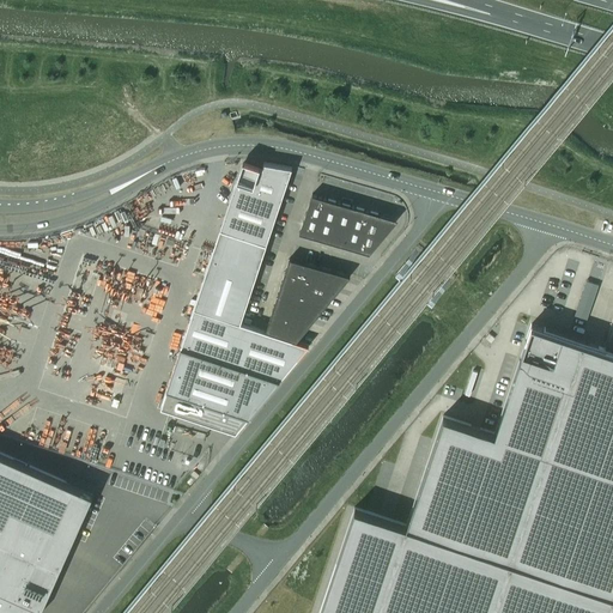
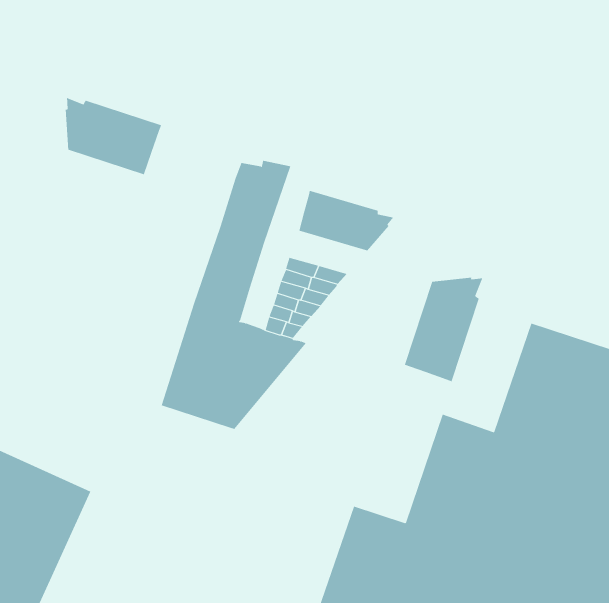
building: none -> [65,97,162,175]
building: none -> [404,277,483,382]

